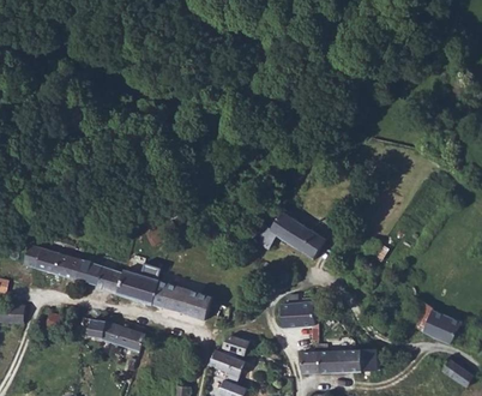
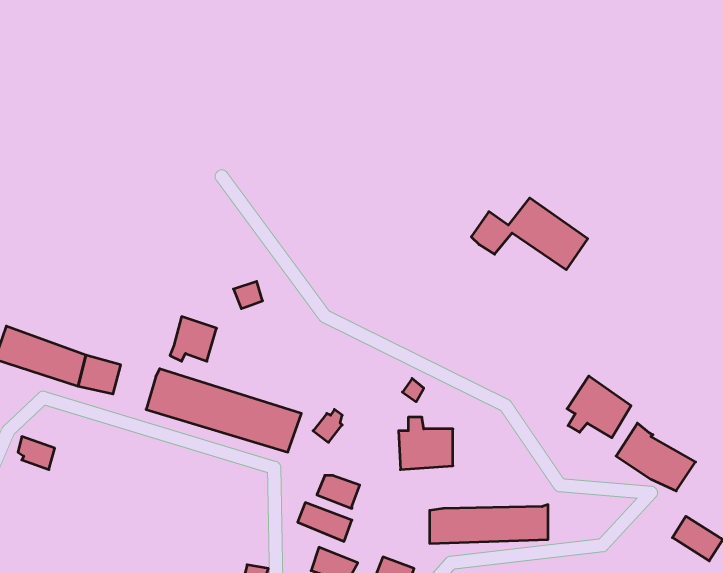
building: [249,212,321,257] -> [471,198,588,270]
building: [96,265,125,293] -> [170,317,217,361]
building: none -> [567,376,631,438]
building: [96,319,143,352] -> none

